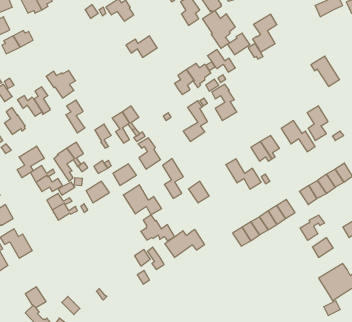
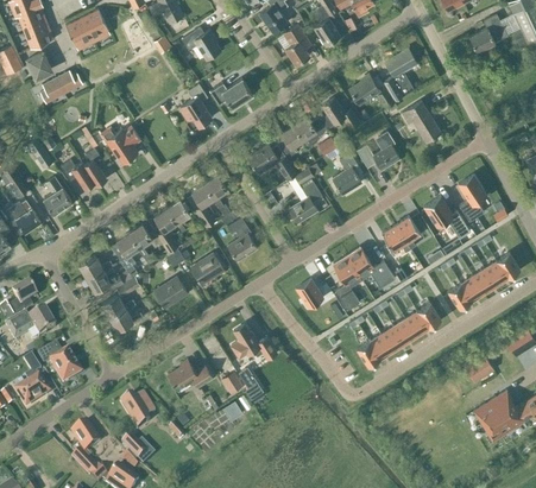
building: [203,10,235,49] -> none
building: none -> [182,84,212,132]
building: [311,56,340,86] -> [402,101,441,142]
building: none -> [355,132,399,170]
building: none -> [247,144,296,179]
building: [66,100,85,133] -> [152,208,178,253]
building: [17,146,44,178] -> none
building: [163,159,183,198] -> [333,255,361,310]
building: [123,185,161,215] -> none
building: [300,215,324,240] -> none
building: [165,229,205,258] -> none
building: none -> [168,361,212,391]
building: none -> [120,394,155,426]

